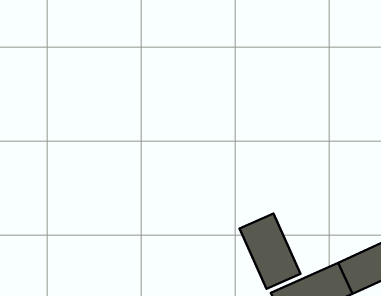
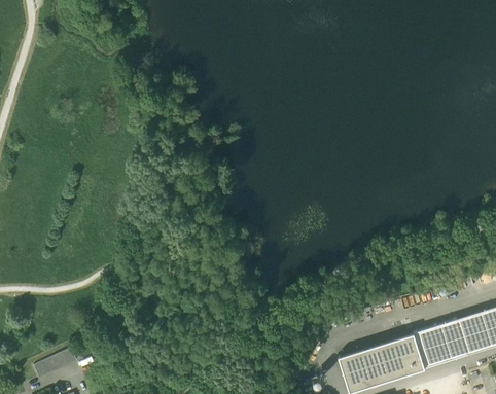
building: [239,214,300,289] -> none

